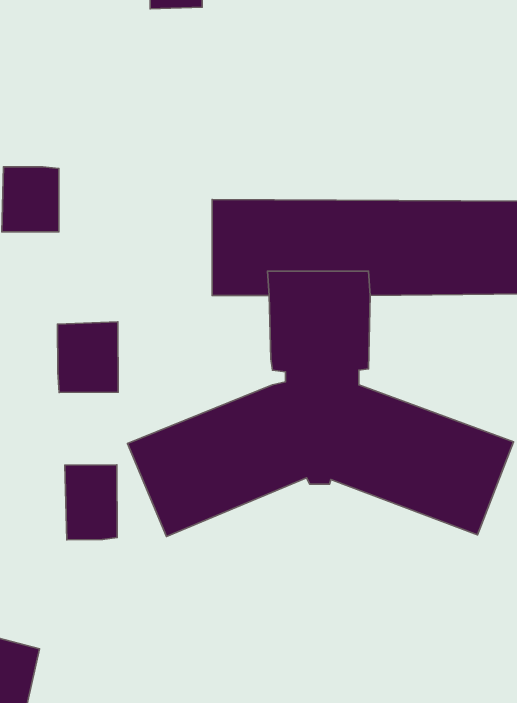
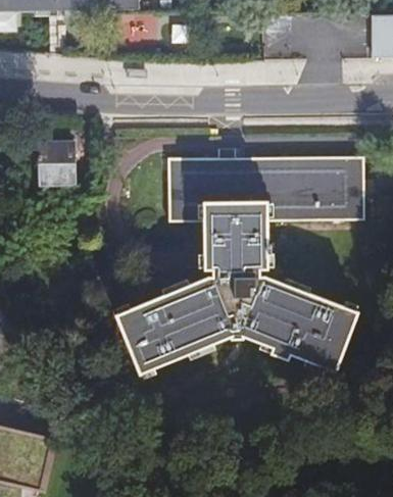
building: [57,322,118,392] -> none
building: [65,465,117,540] -> none

